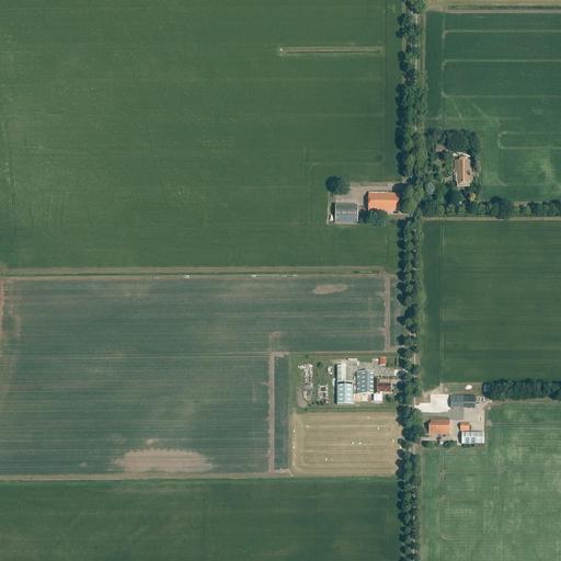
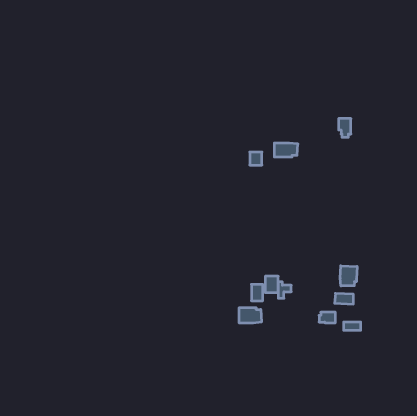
building: none -> [340,266,357,286]
building: none -> [239,308,261,323]

